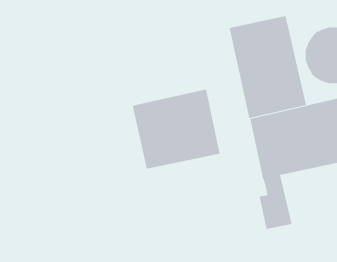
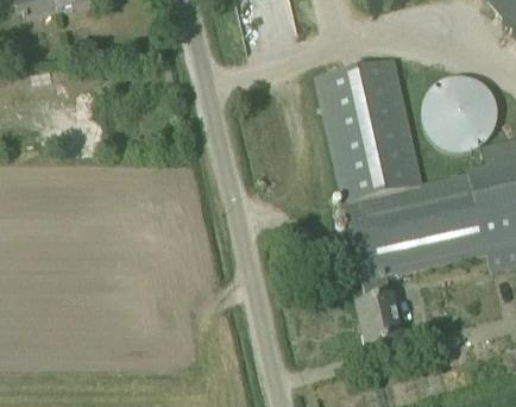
building: [132,88,220,169] -> none

